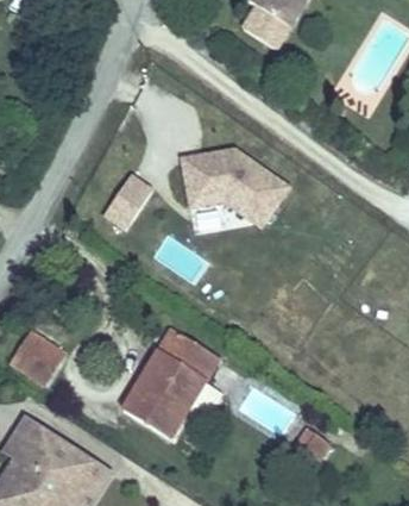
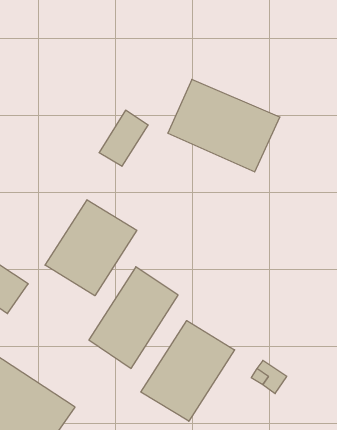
building: none -> [45,200,137,296]
building: none -> [141,321,235,421]

